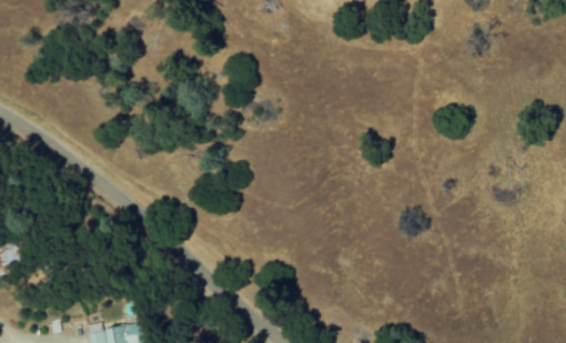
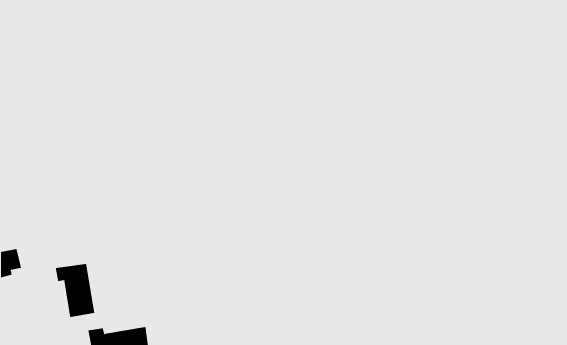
building: none -> [55,263,95,318]

